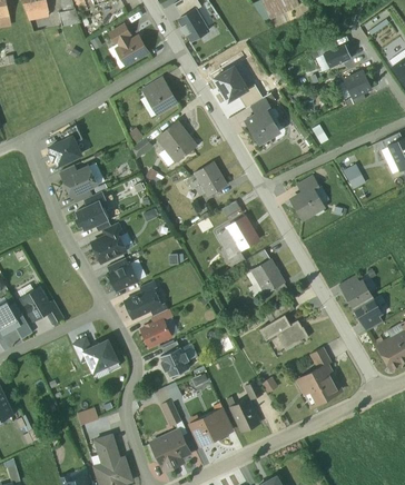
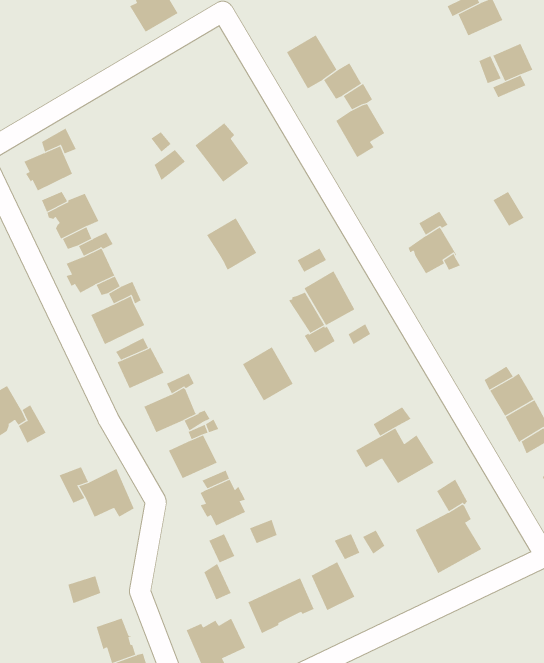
building: [146,78,177,115] -> none
building: [194,162,226,196] -> [206,218,257,270]
building: [251,259,284,294] -> [242,347,293,401]

